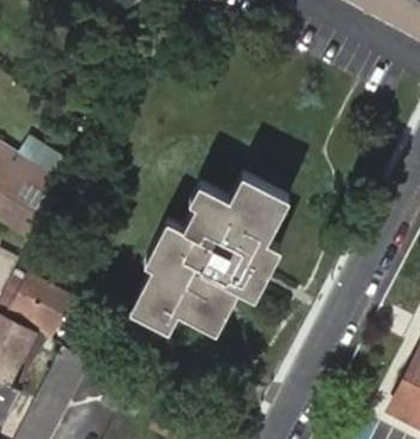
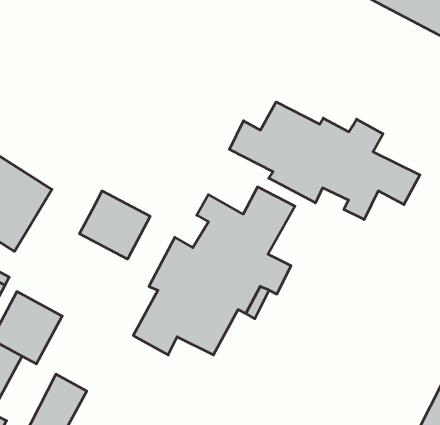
building: none -> [229,102,420,220]
building: none -> [80,191,150,259]

